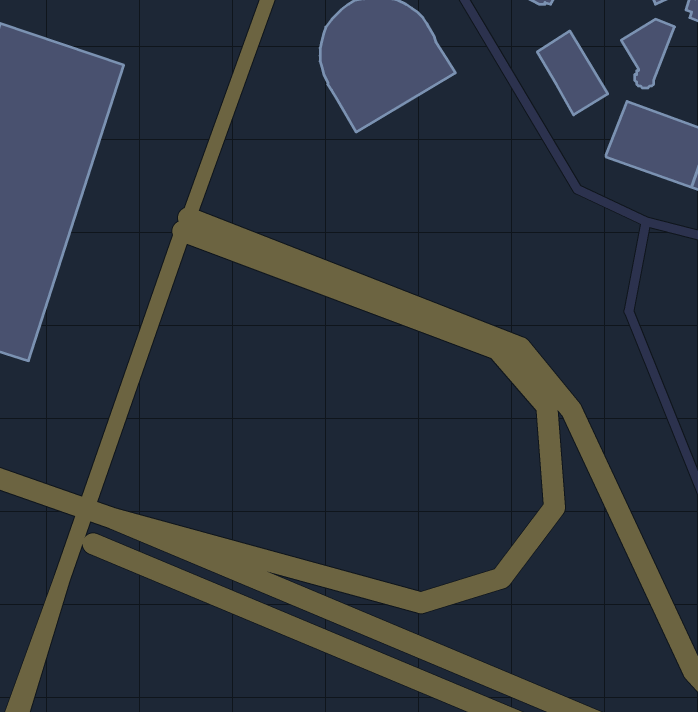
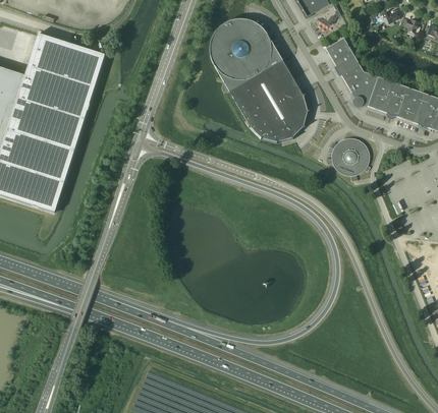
building: [621,19,675,88] -> [345,70,374,107]
building: none -> [229,59,308,140]
building: none -> [327,138,369,180]

